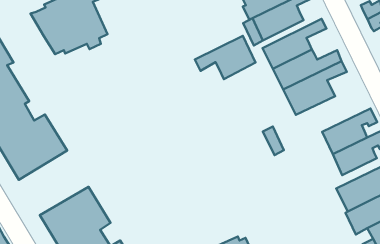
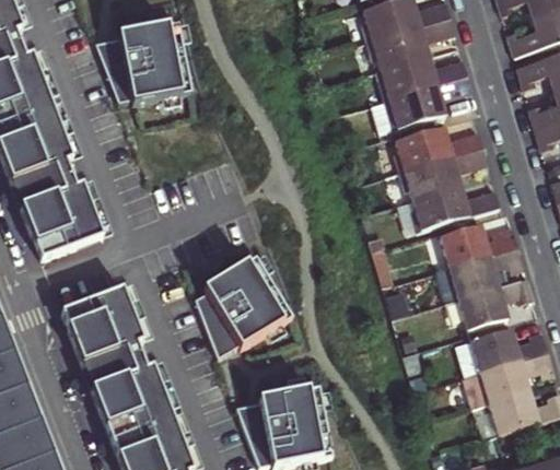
building: [195,36,256,79] -> none
building: none -> [440,223,517,265]
building: none -> [192,257,290,357]

